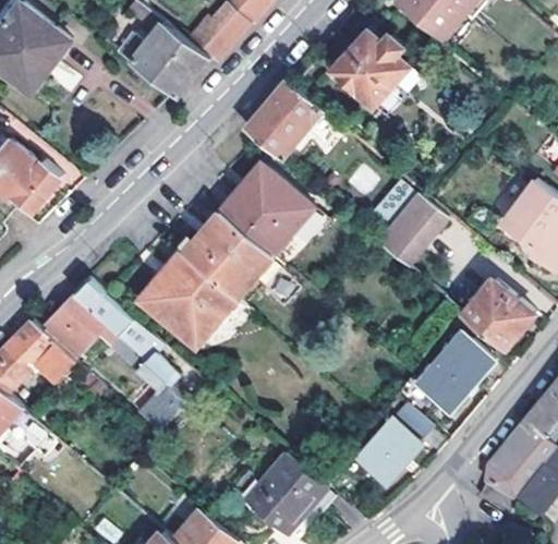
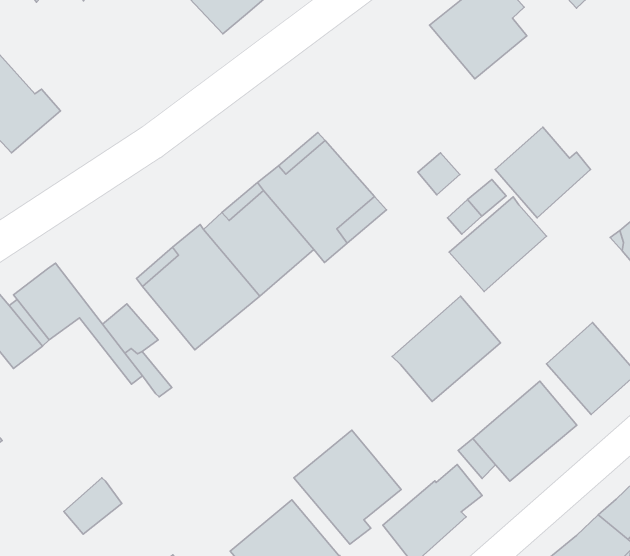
building: [244,80,323,160] -> none
building: none -> [495,127,590,218]
building: none -> [392,296,501,401]
building: [74,280,134,338] -> none
building: [142,385,185,431] -> [64,478,122,534]
building: none -> [294,430,401,544]

